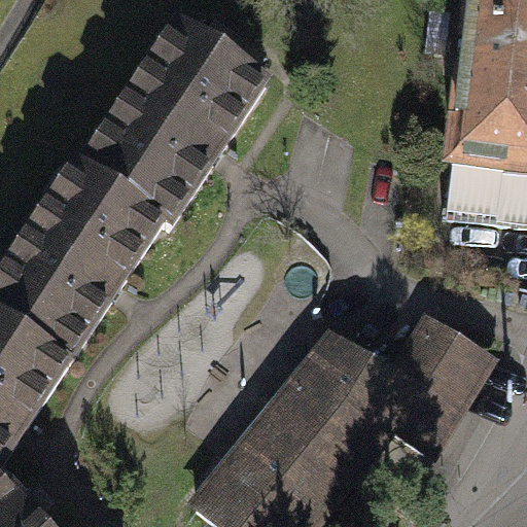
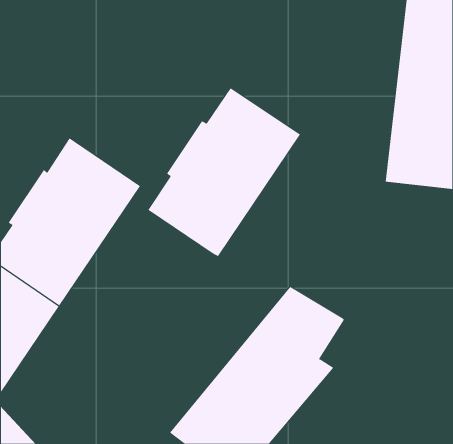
building: [87,23,266,219] -> [148,88,301,257]
building: [372,316,485,445] -> none

